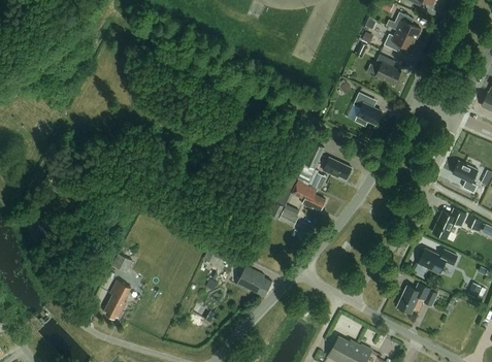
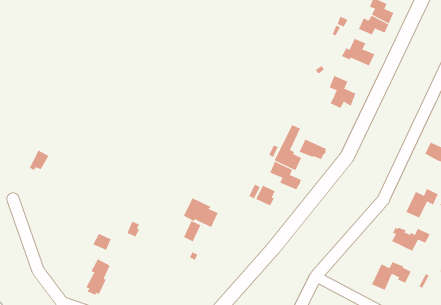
building: [236,266,272,297] -> [183,198,218,228]

